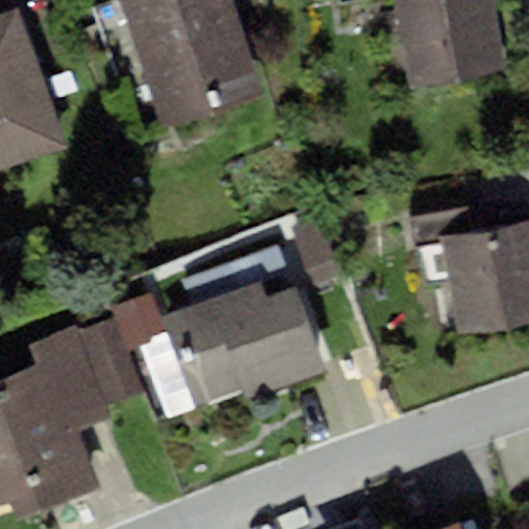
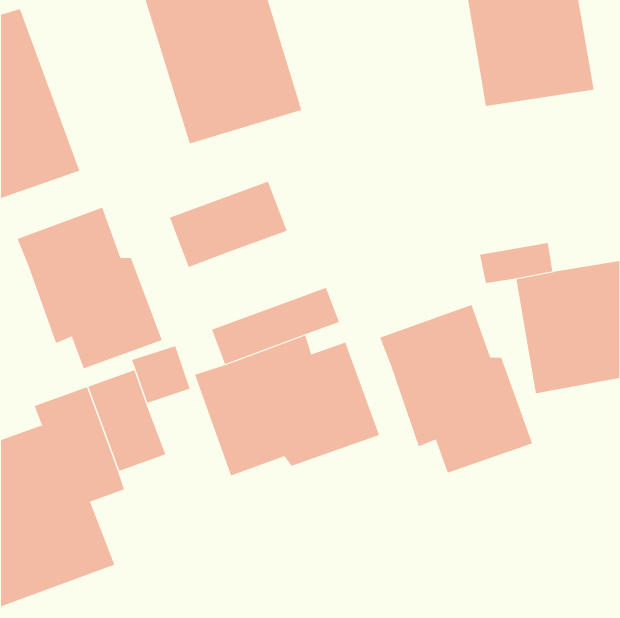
building: none -> [169,181,288,268]
building: none -> [17,207,162,369]
building: none -> [379,304,533,474]

